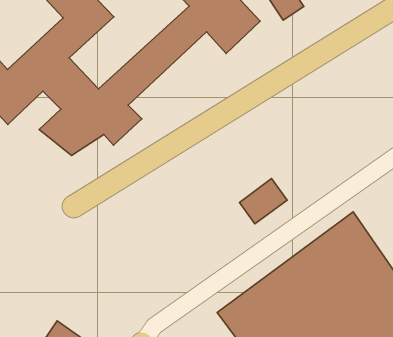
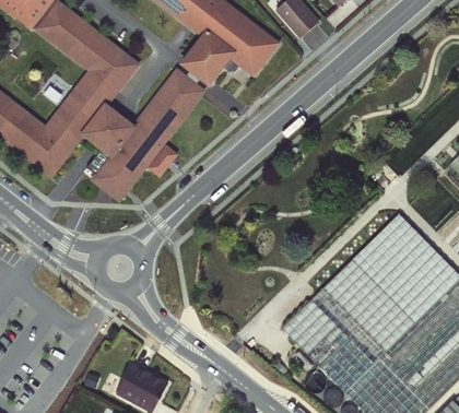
building: [239,179,287,224] -> none

